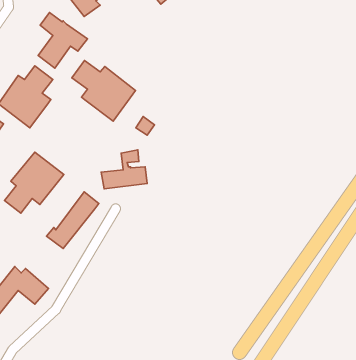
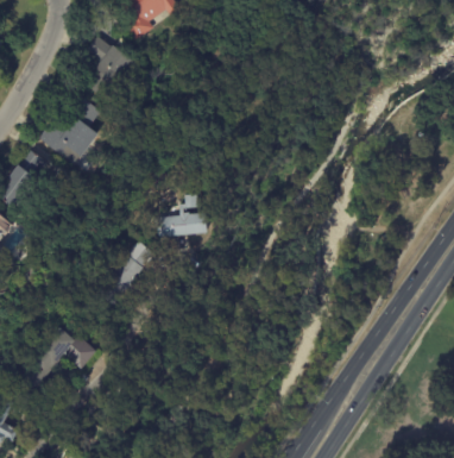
building: [72,60,135,121] -> none
building: [5,152,64,213] -> none

